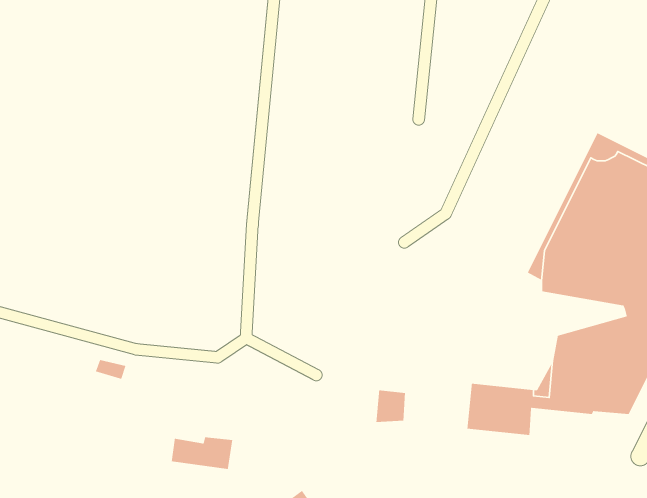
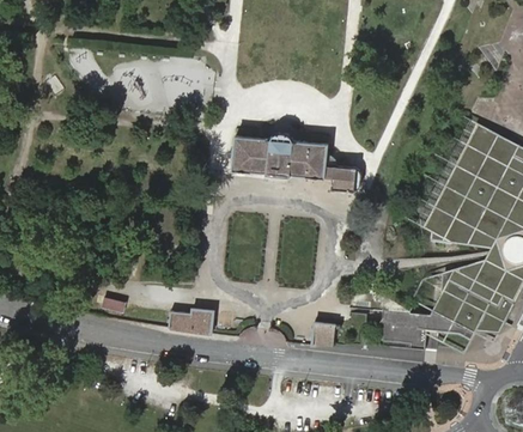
building: none -> [233,127,361,190]
building: [171,436,233,470] -> [169,306,215,331]

